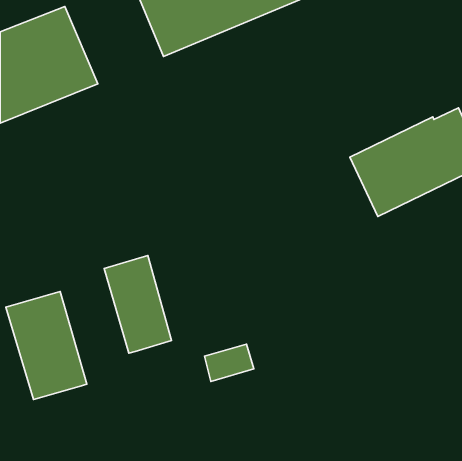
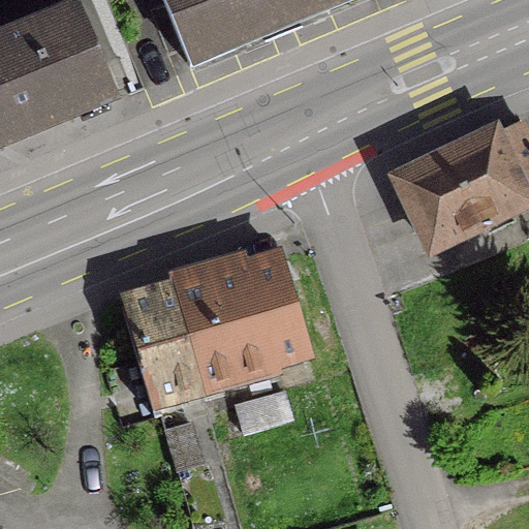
building: none -> [173,258,308,385]
building: [6,292,87,399] -> none

